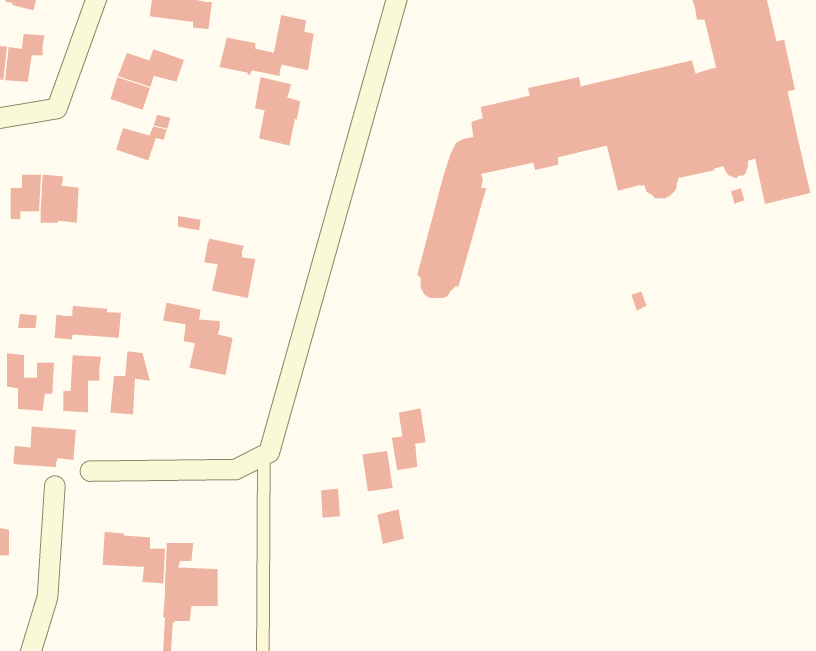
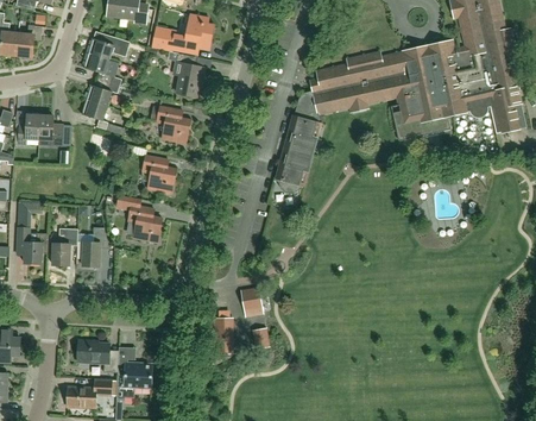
building: none -> [81,99,124,134]
building: none -> [156,106,189,143]
building: [54,305,121,340] -> none
building: [391,408,426,471] -> none
building: [13,426,77,468] -> none
building: none -> [67,381,116,408]

